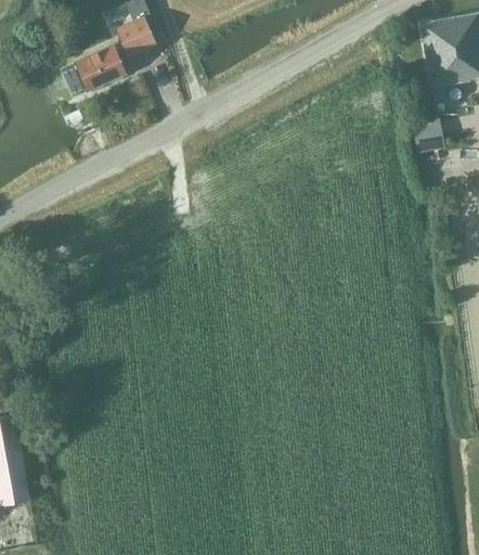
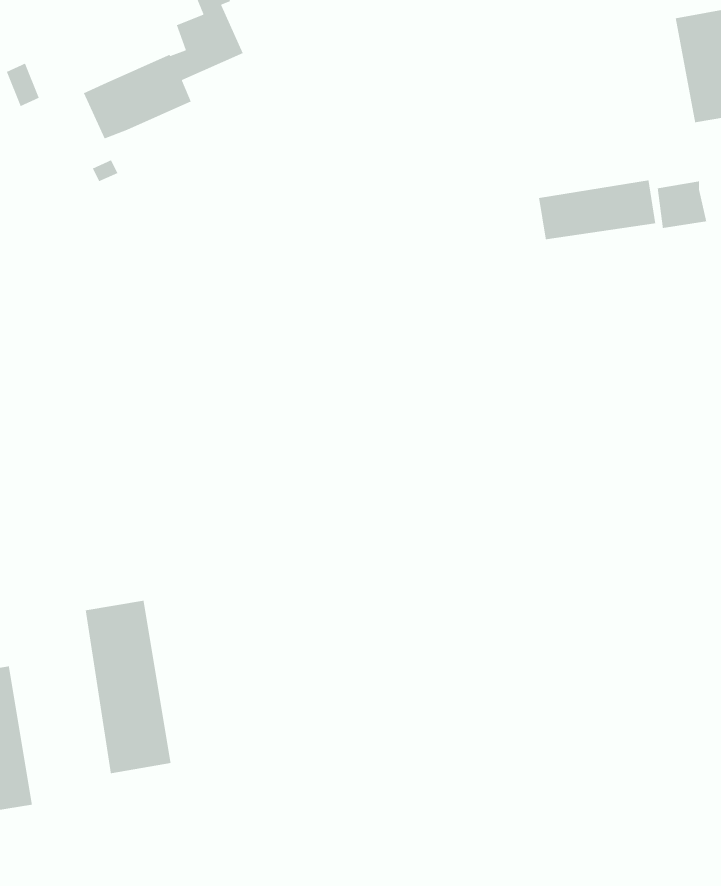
building: none -> [538,180,656,240]
building: none -> [85,600,171,774]

